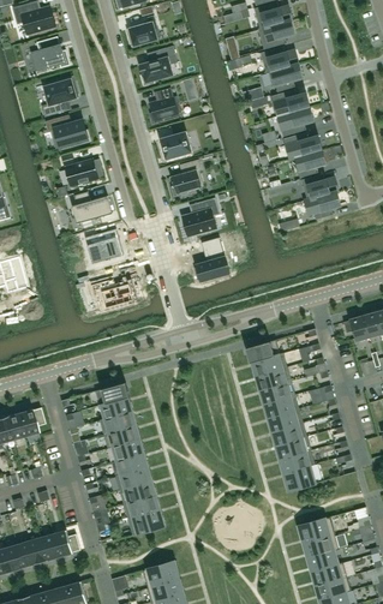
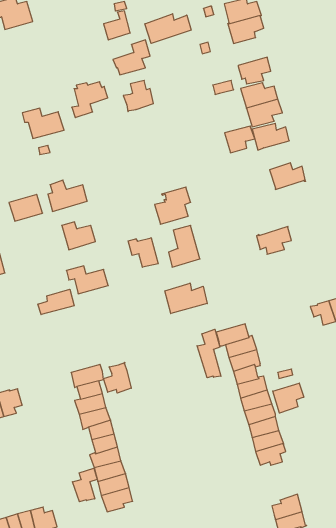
building: none -> [145,14,191,43]
building: [31,38,66,71] -> none
building: [261,47,299,73] -> none
building: [42,79,79,116] -> [72,82,108,118]
building: [161,132,192,160] -> none
building: [295,150,327,178] -> [225,126,255,153]
building: [65,159,100,186] -> [9,194,43,221]
building: [172,160,204,197] -> none
building: [305,191,341,220] -> [257,226,291,254]
building: none -> [128,238,158,267]
building: none -> [165,283,207,314]
building: none -> [38,289,74,315]
building: none -> [197,329,221,378]
building: none -> [103,362,131,393]
building: none -> [273,383,304,413]
building: none -> [72,468,97,502]

